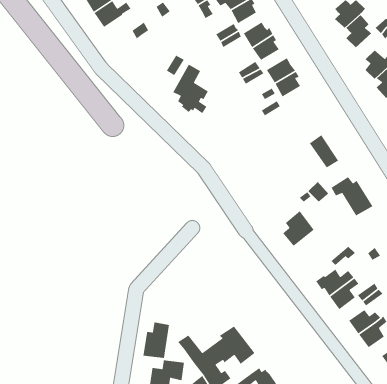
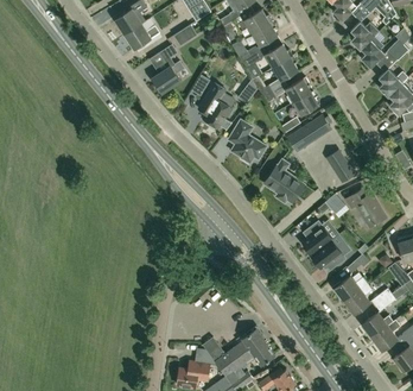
building: none -> [152,62,184,96]
building: none -> [286,115,330,151]
building: none -> [227,121,265,165]
building: none -> [263,160,304,203]
building: none -> [310,240,344,270]
building: [142,322,170,359] -> none

